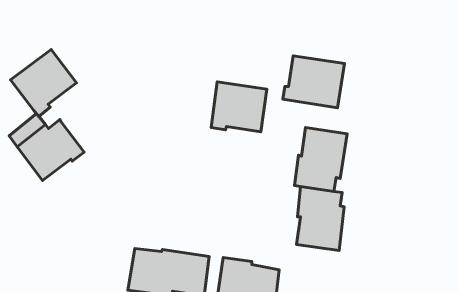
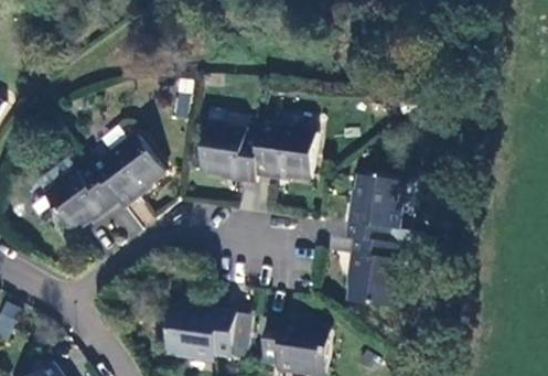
building: [11,49,77,116] -> [93,136,164,208]
building: [283,56,344,108] -> none
building: none -> [201,123,262,184]

